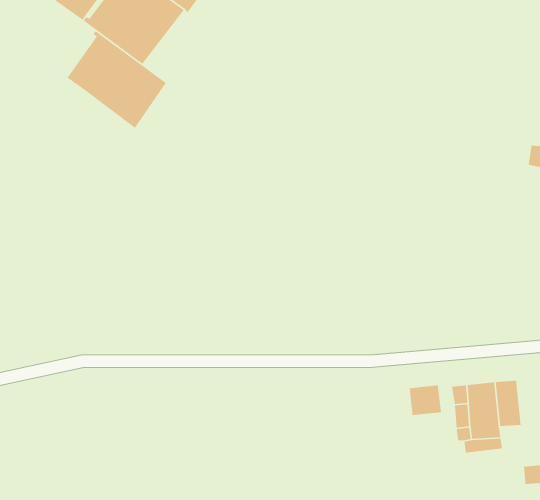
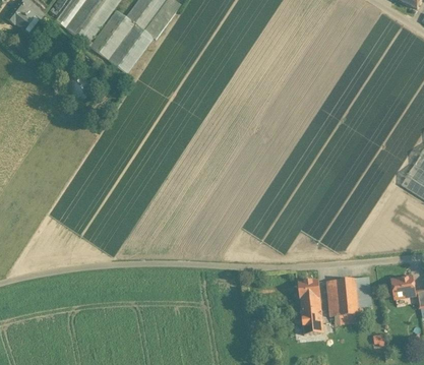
building: [66,30,167,129] -> none
building: none -> [301,298,323,334]

